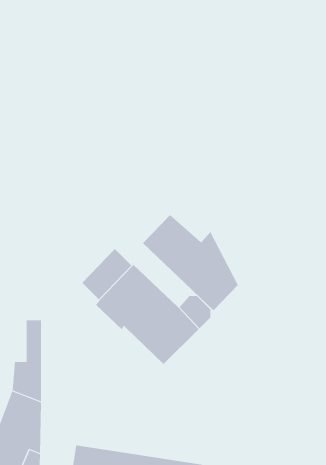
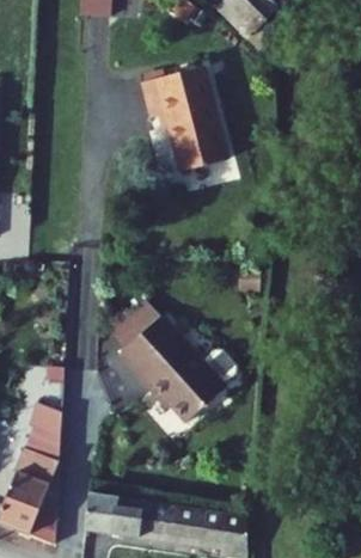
building: none -> [146,68,231,171]
building: [142,214,239,311] -> none

